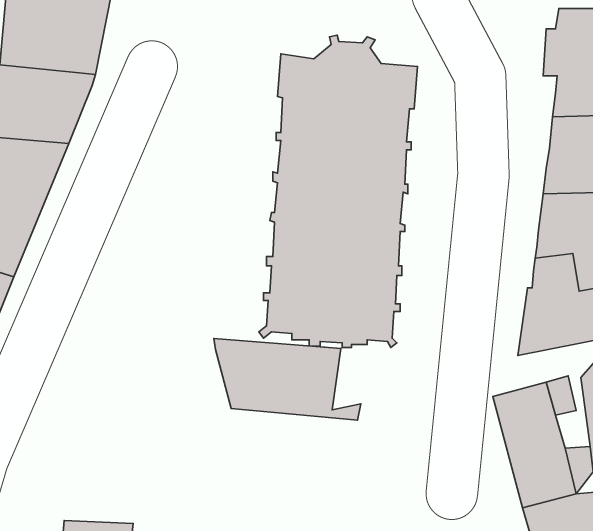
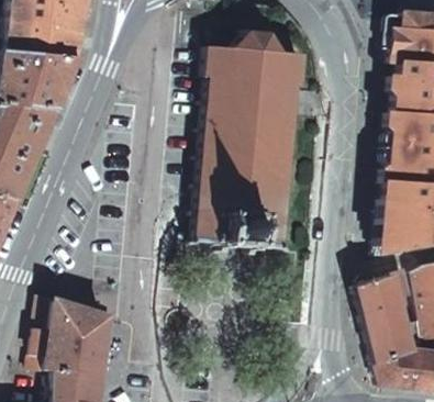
building: [214,338,361,420] -> none
building: none -> [33,295,108,372]

